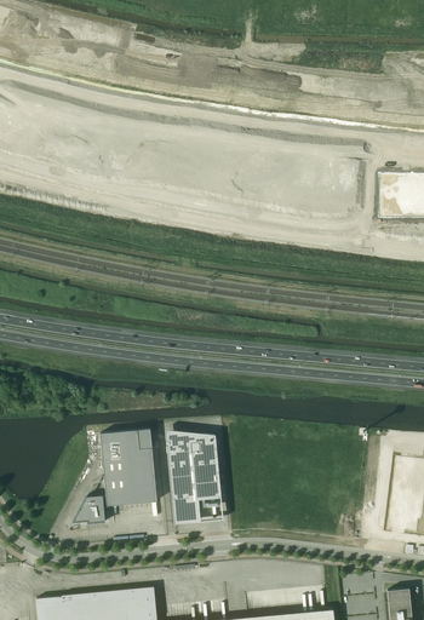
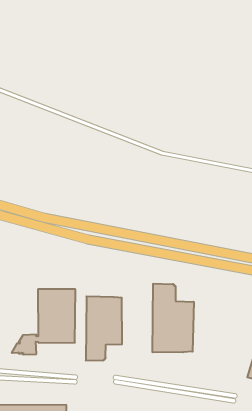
building: none -> [153,284,194,352]

